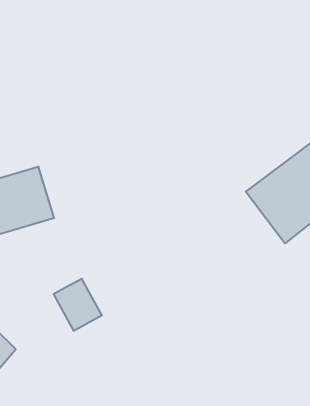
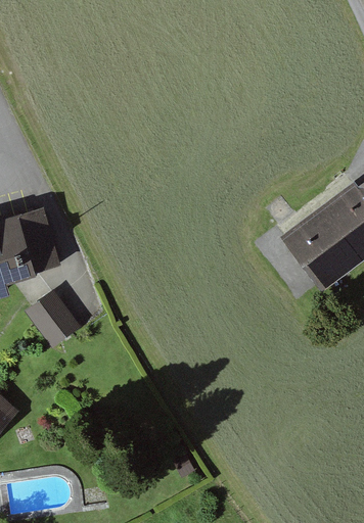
building: [54,279,102,331] -> [27,286,81,344]

